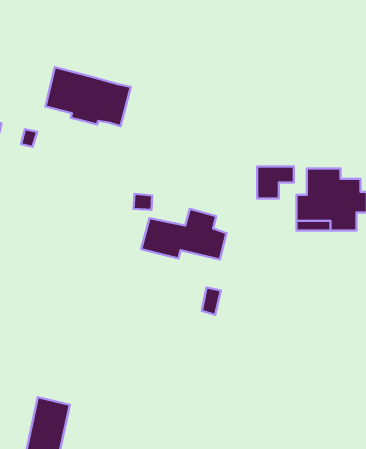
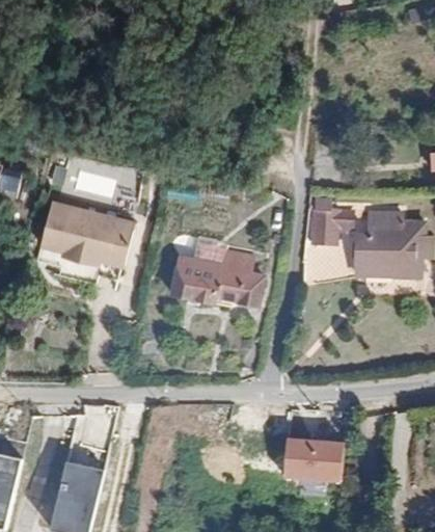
building: [46,67,131,126] -> [39,197,134,263]
building: none -> [283,438,344,483]

